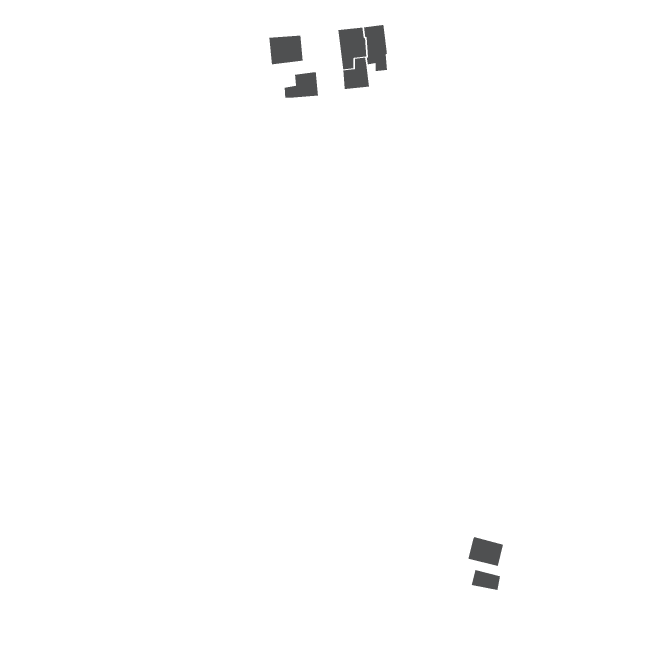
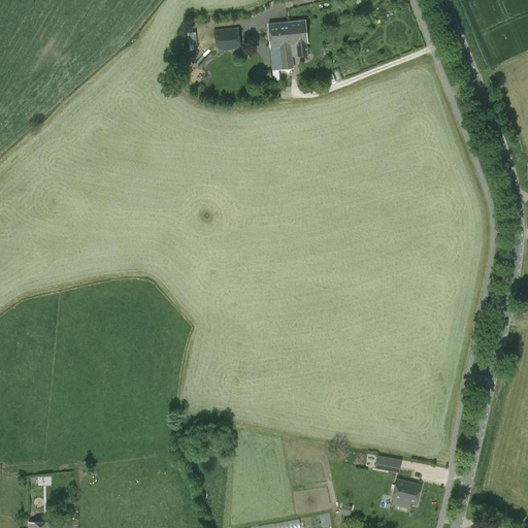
building: [284,71,319,99] -> none
building: [467,537,504,566] -> [392,480,421,503]

